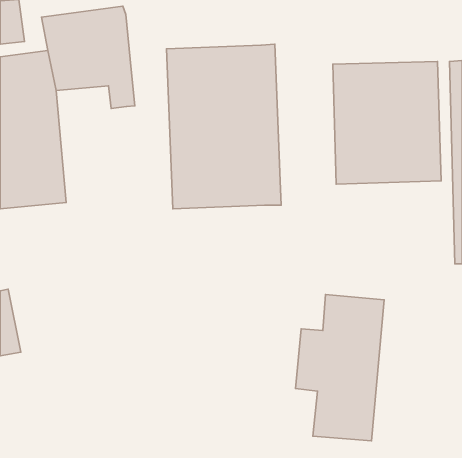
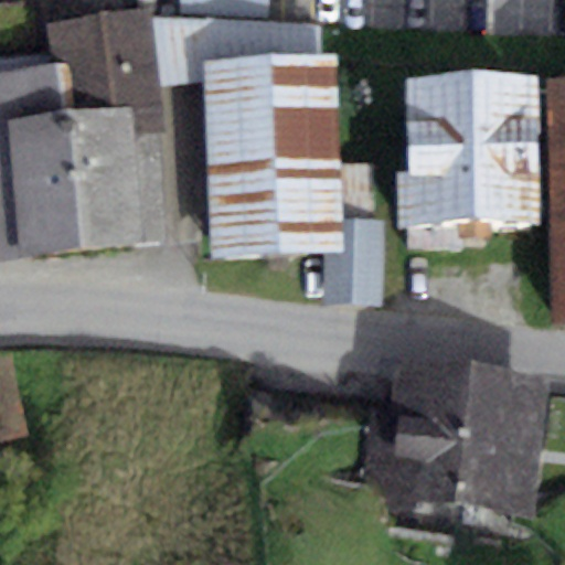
building: none -> [153,18,322,85]
building: none -> [68,105,164,247]
building: none -> [322,221,384,303]
building: none -> [454,366,543,545]

